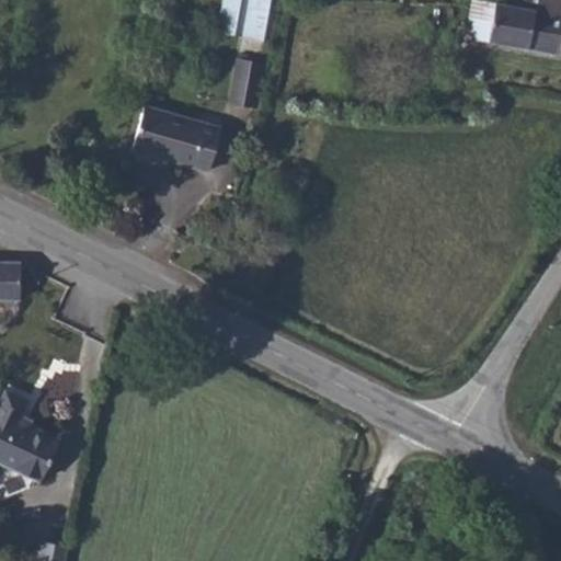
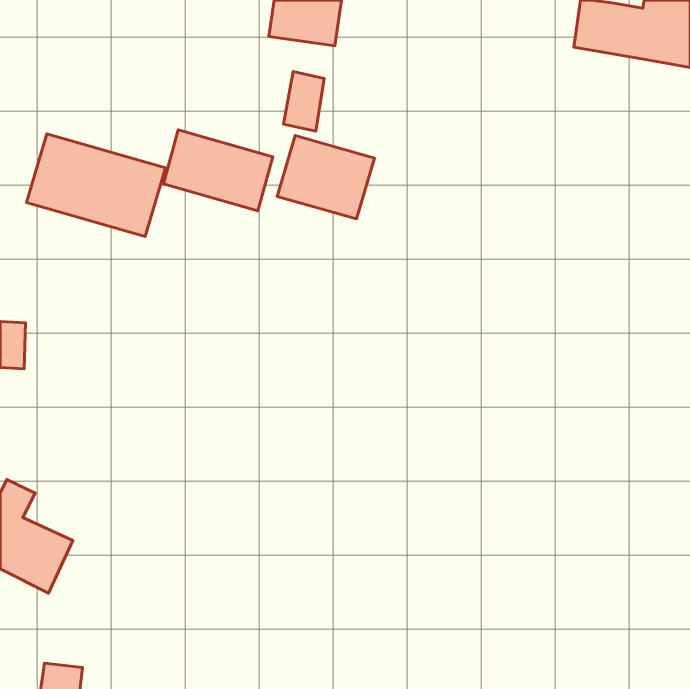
building: none -> [27,134,166,237]
building: none -> [277,135,374,219]

